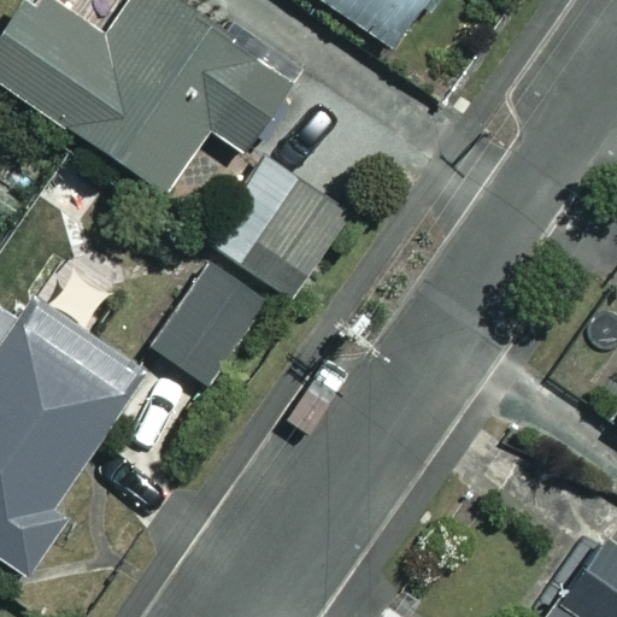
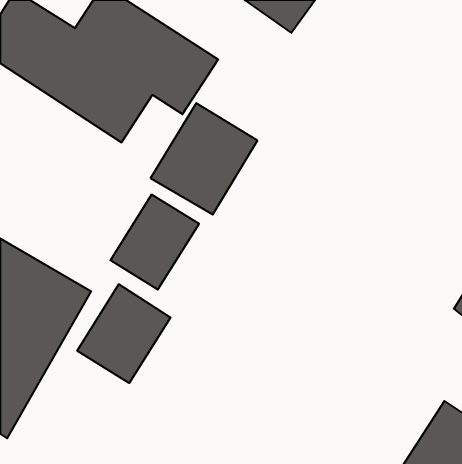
building: none -> [77,284,171,383]

